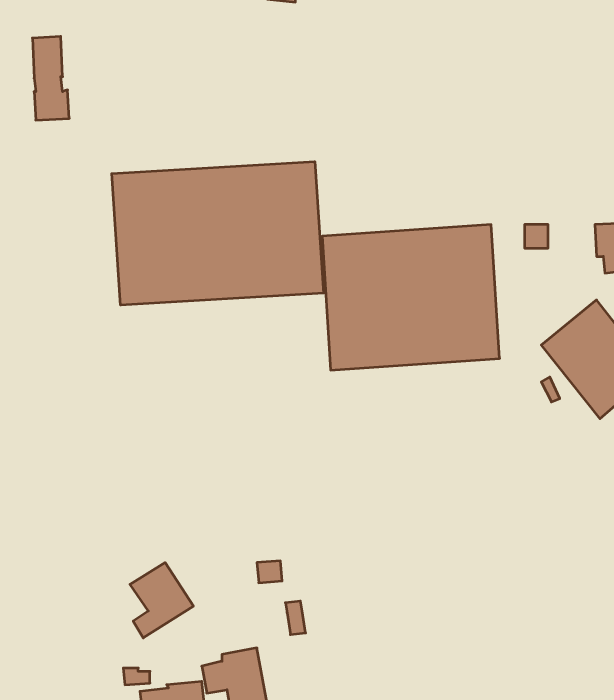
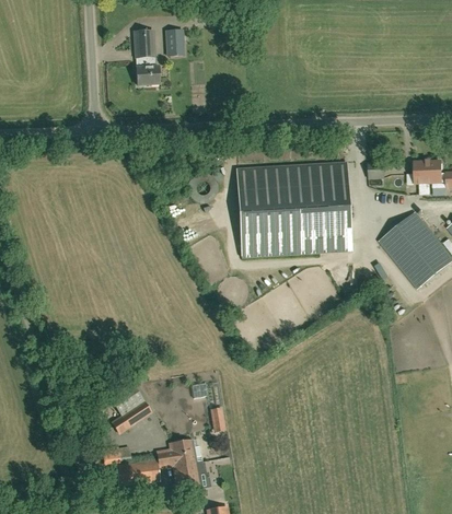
building: none -> [165,28,184,56]
building: [32,36,69,120] -> [135,30,159,84]
building: [112,162,324,305] -> none

